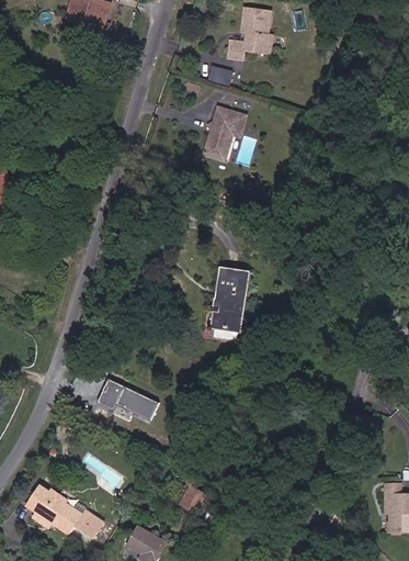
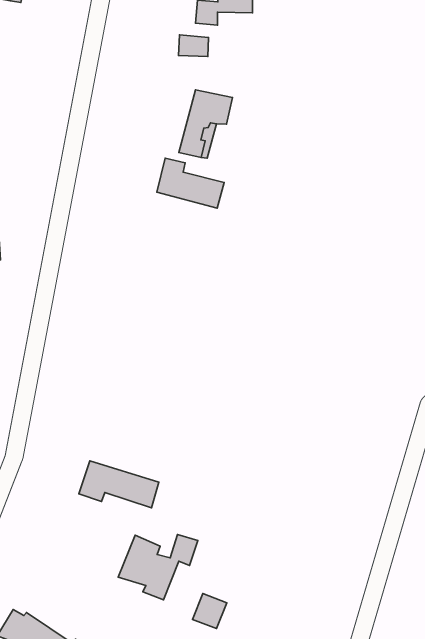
building: none -> [157,158,224,208]
building: [202,265,241,324] -> none
building: none -> [118,534,198,600]

